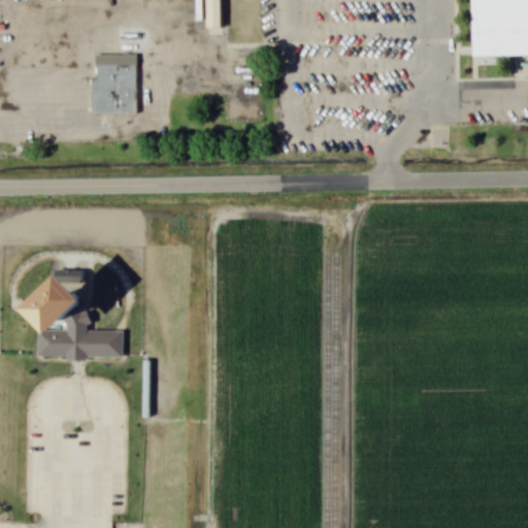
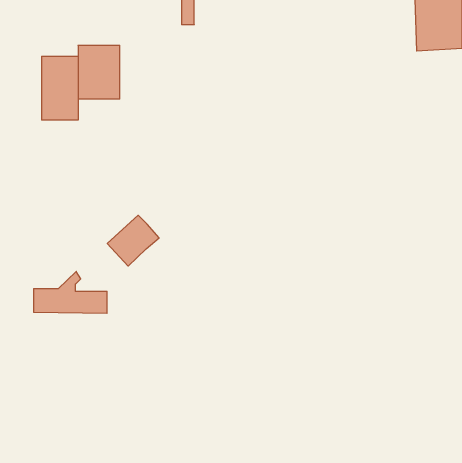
building: none -> [42,56,78,120]
building: [42,270,101,328] -> [107,215,159,266]

